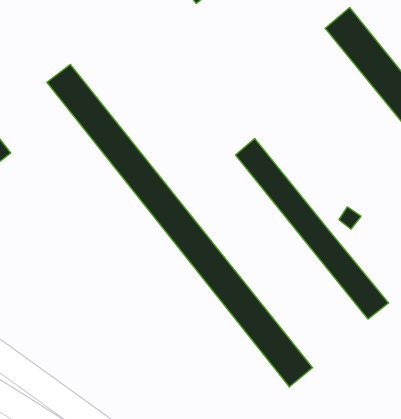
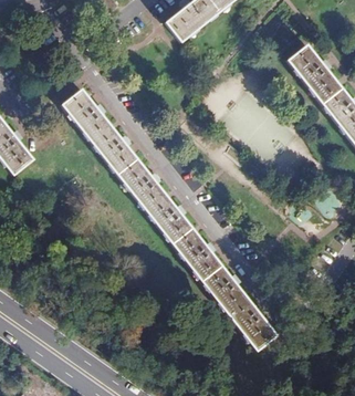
building: [236,138,389,319] -> none

